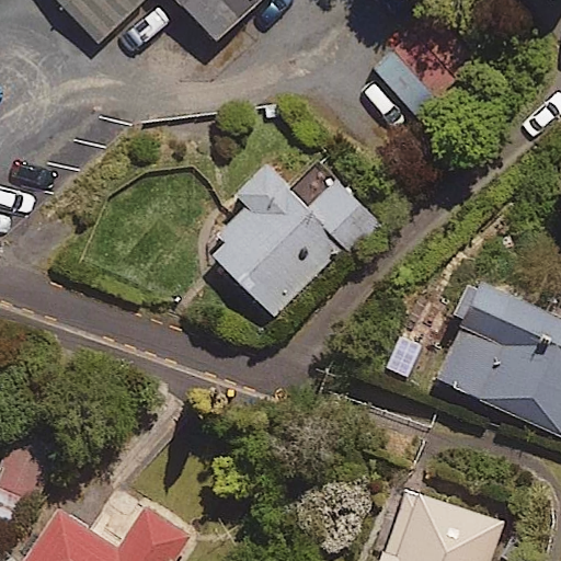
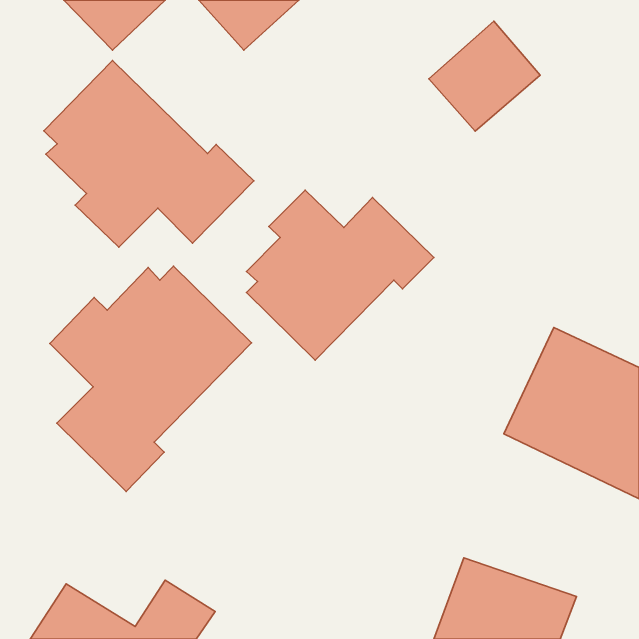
building: none -> [44,61,254,247]
building: none -> [50,266,252,491]

